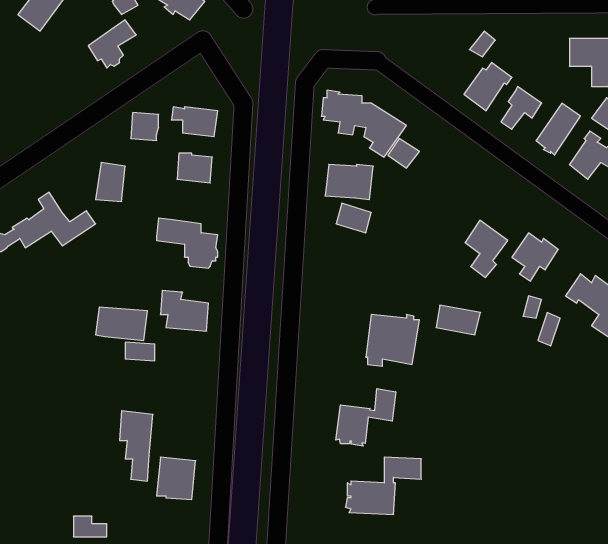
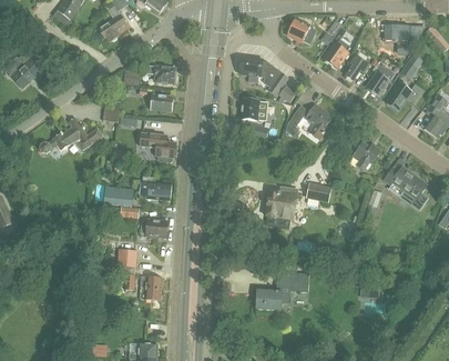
building: none -> [286,17,315,42]
building: [465,220,508,278] -> [305,104,330,139]
building: none -> [140,218,167,237]
building: [336,389,396,446] -> none

